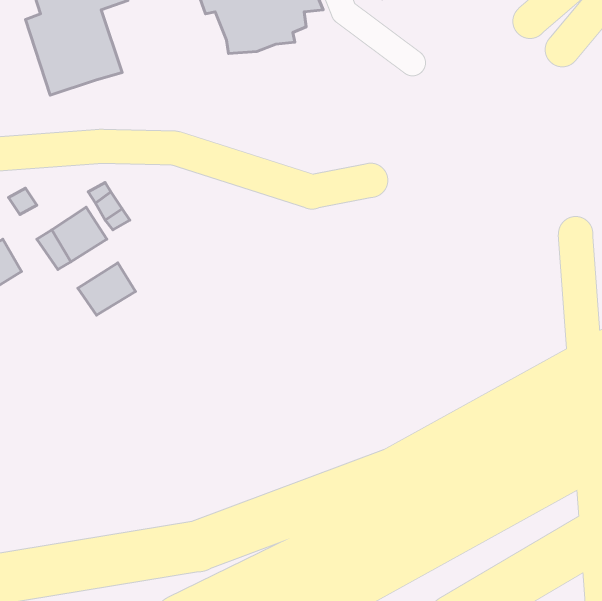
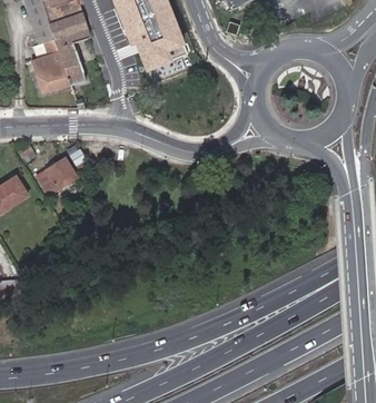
building: [78,263,136,315] -> none

